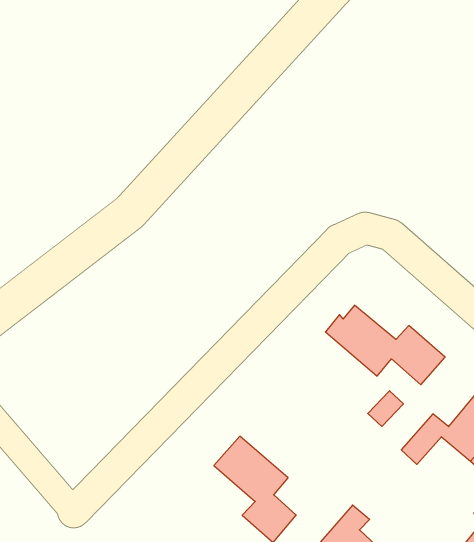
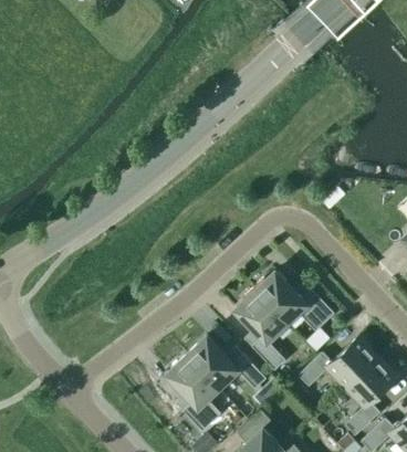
building: none -> [236,288,286,370]
building: none -> [187,336,267,389]

